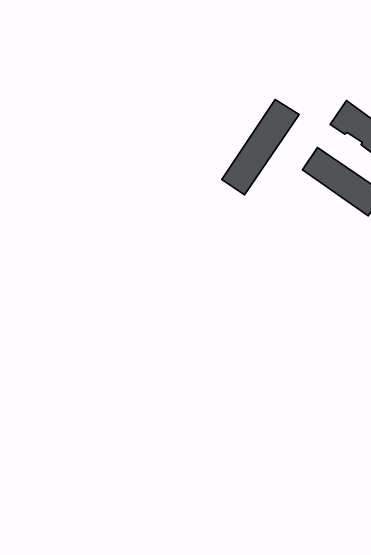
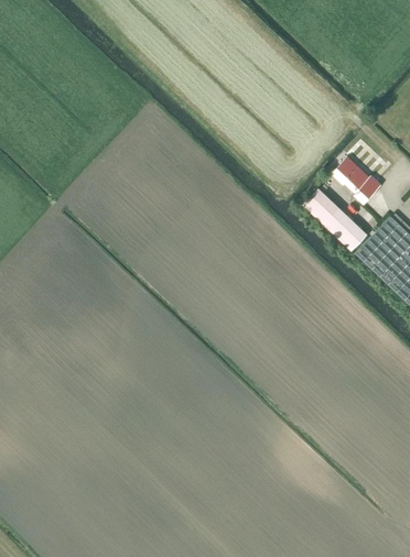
building: [222,100,299,195] -> none

